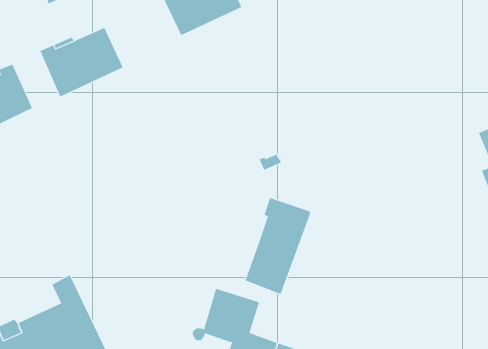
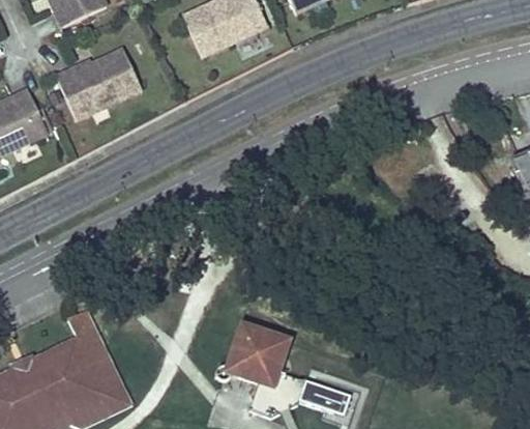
building: [245,197,311,295] -> none

